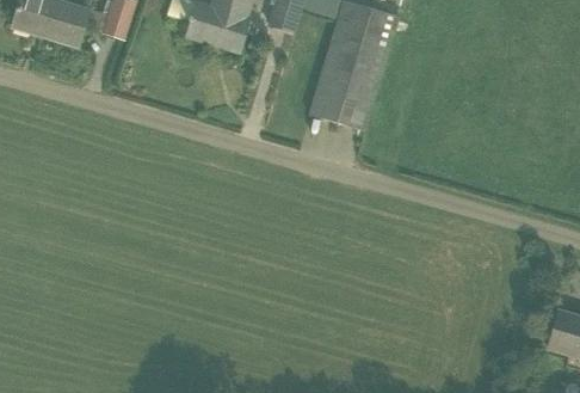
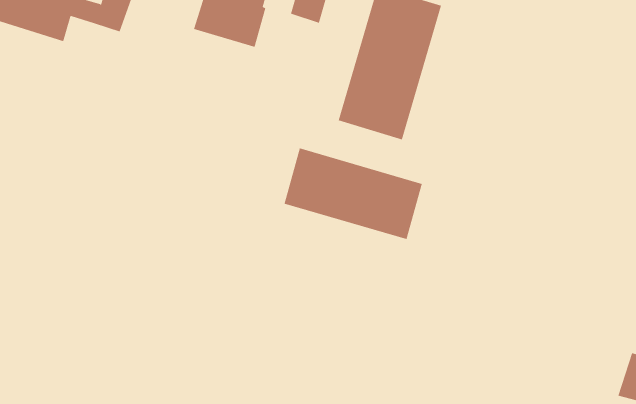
building: none -> [284,147,423,240]

